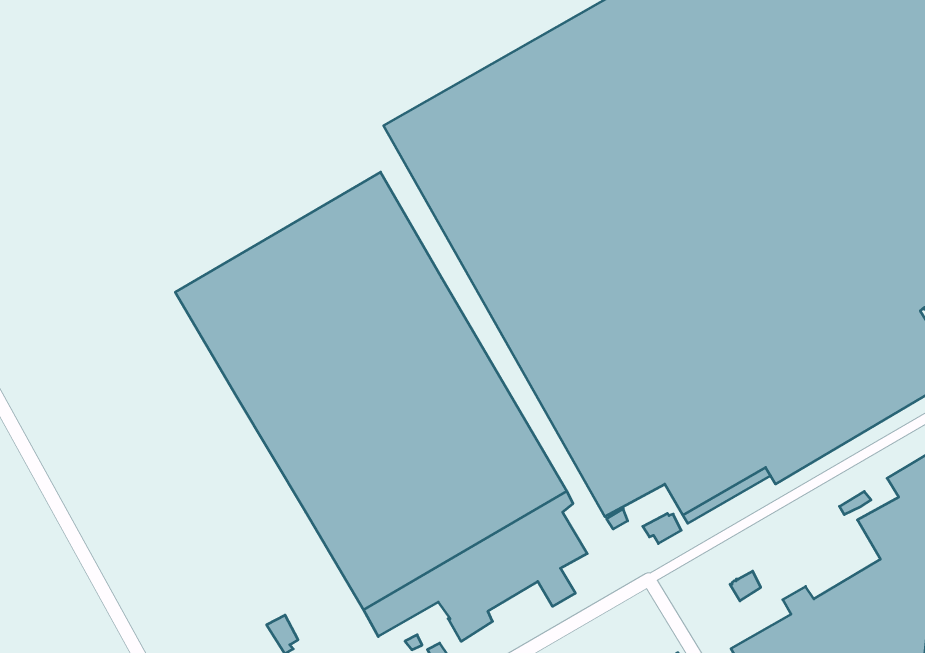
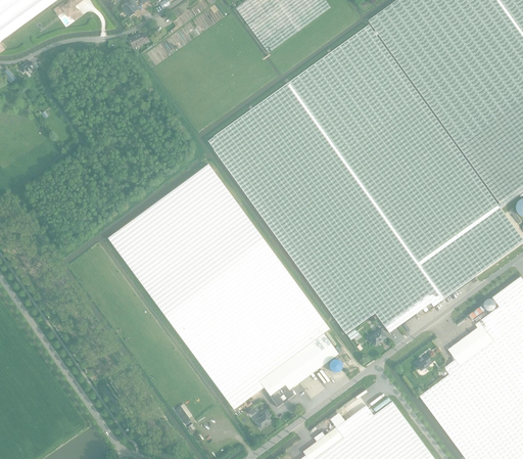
building: none -> [448,321,493,365]

